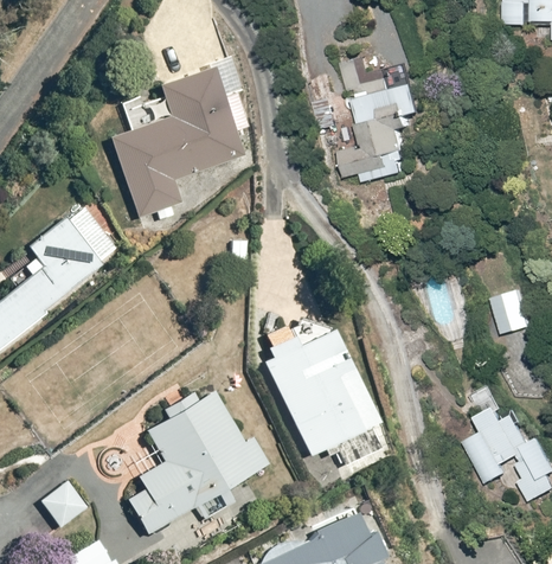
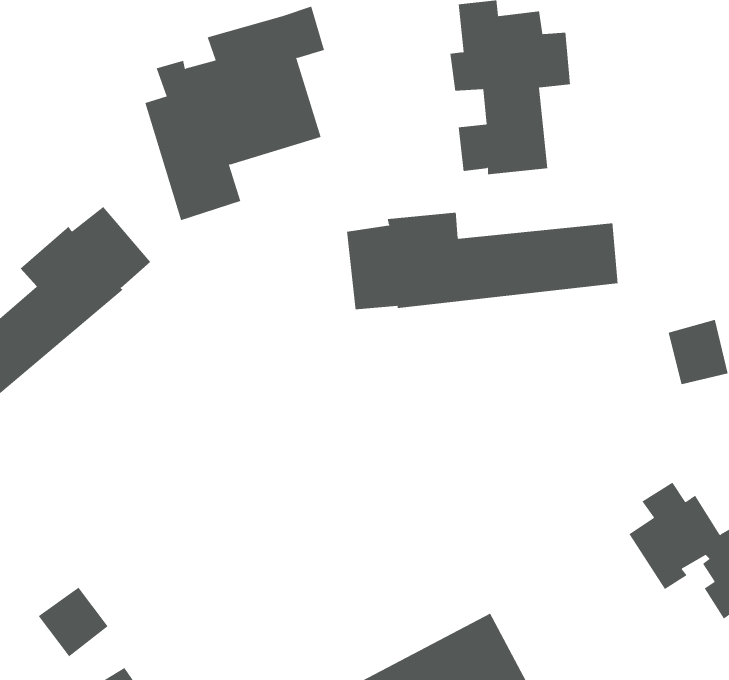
building: none -> [347,212,618,310]
building: [262,325,379,467] -> none
building: [126,393,268,539] -> none

